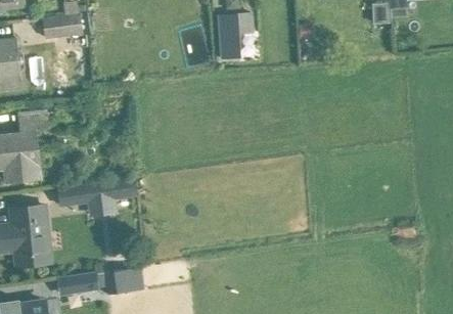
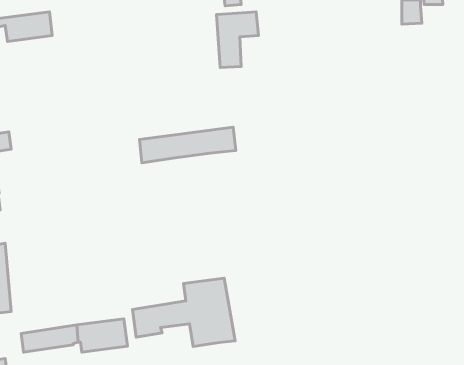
building: [57,177,137,207] -> [139,127,236,163]
building: none -> [132,278,235,347]

